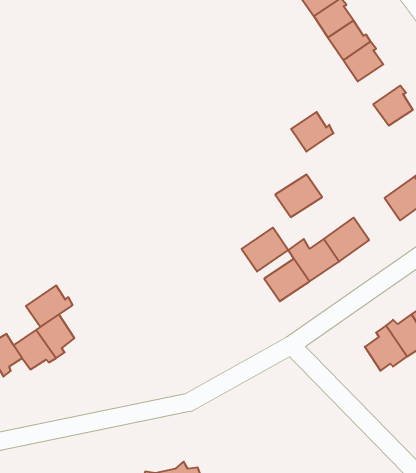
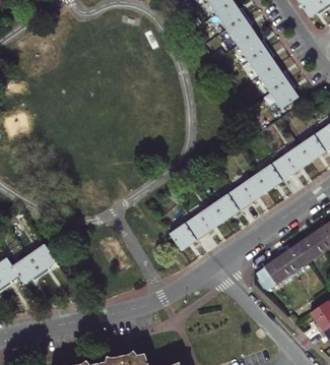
building: [291,112,334,152] -> [258,65,288,94]
building: [275,175,322,217] -> [255,161,288,191]
building: [242,228,288,272] -> [169,219,202,250]
building: [26,285,72,327] -> none

